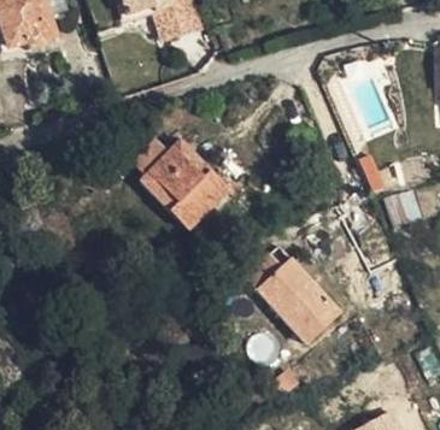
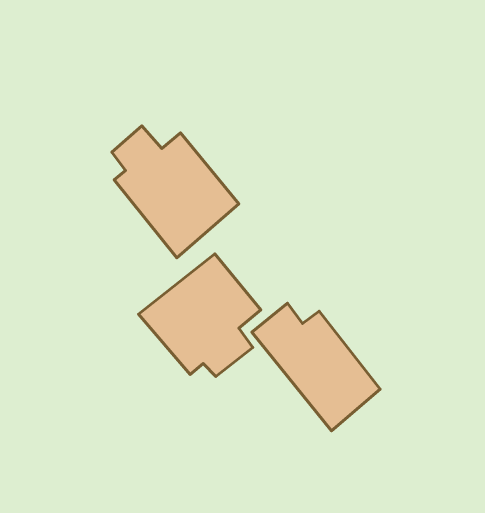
building: none -> [139,254,261,377]

